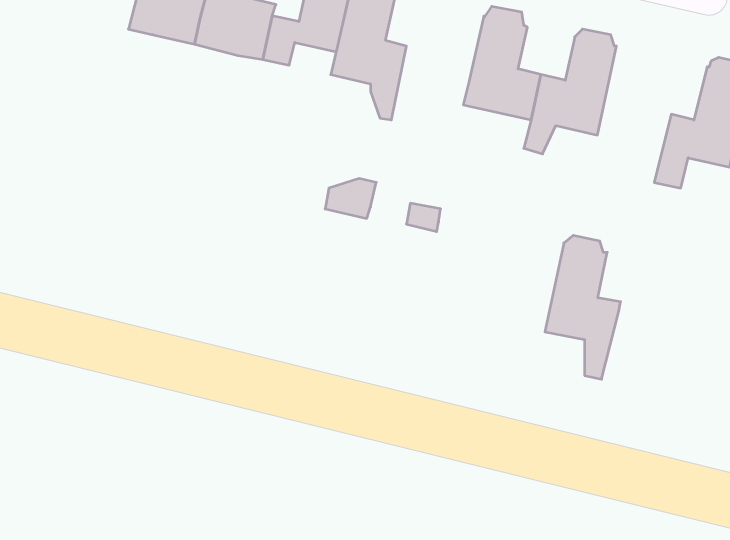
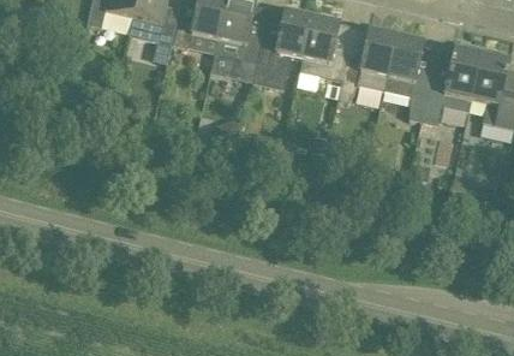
building: none -> [252,11,311,89]
building: [545,235,621,379] -> [383,30,431,121]

